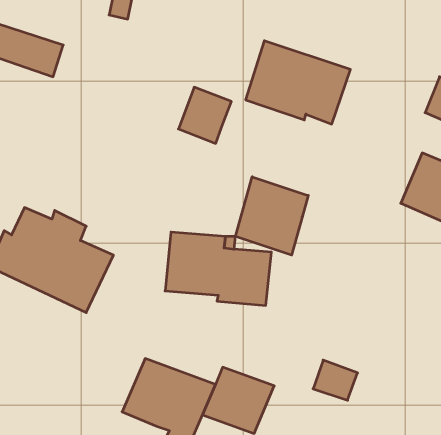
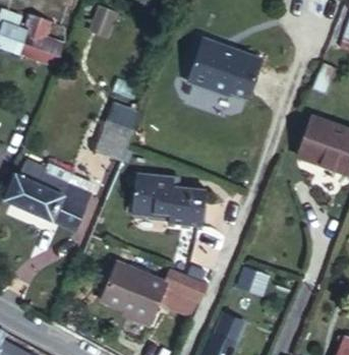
building: [178,87,231,143] -> [97,118,134,158]
building: [236,177,308,255] -> none

